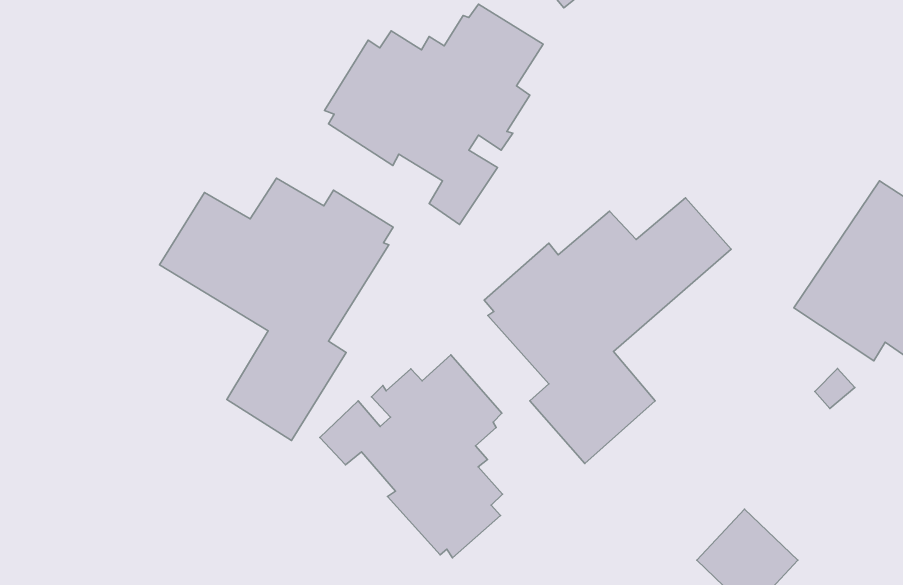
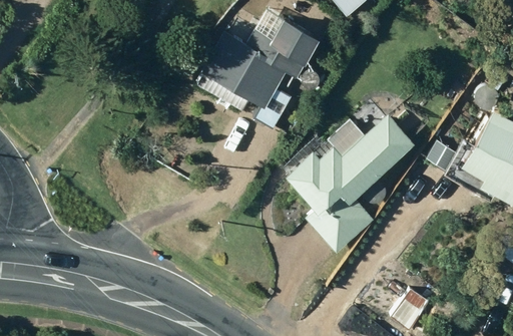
building: [159,178,393,440] -> none
building: [320,355,503,558] -> none

